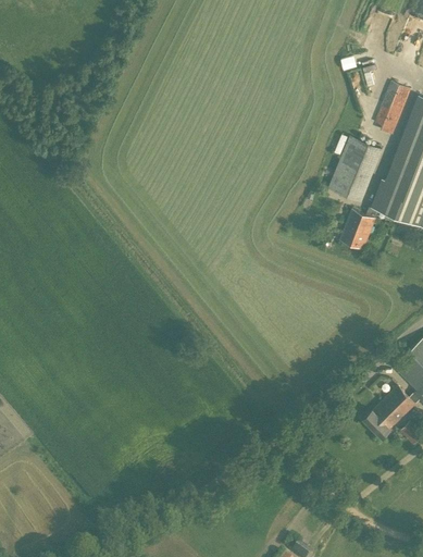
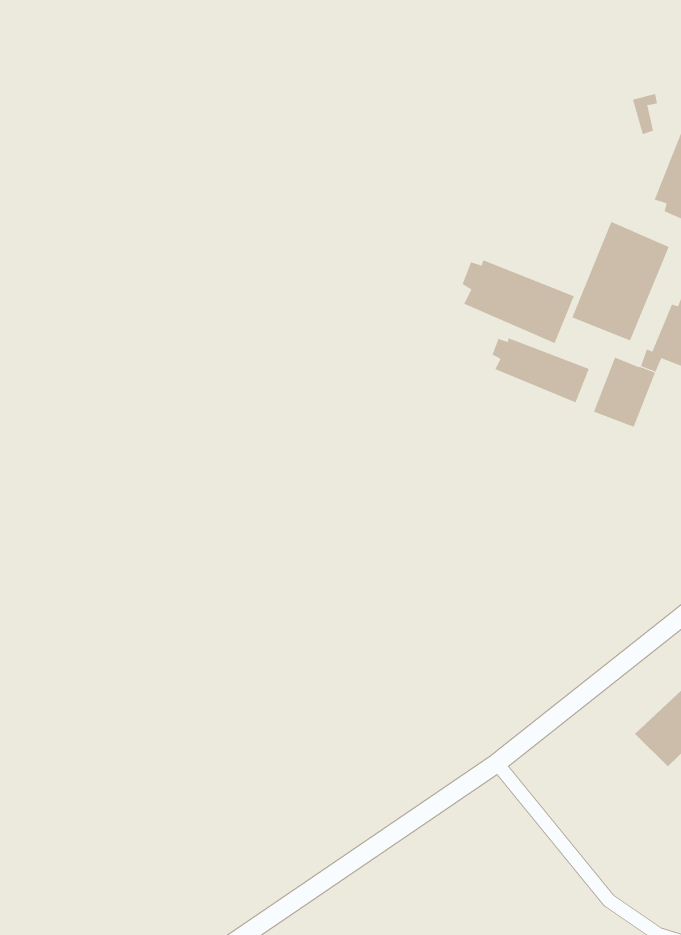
building: none -> [462,260,575,344]
building: none -> [492,337,589,403]

